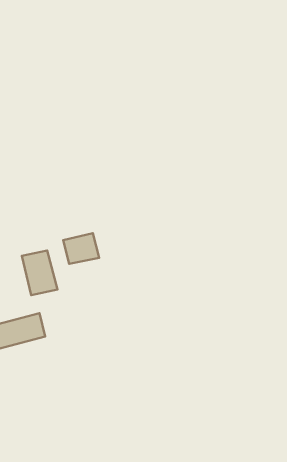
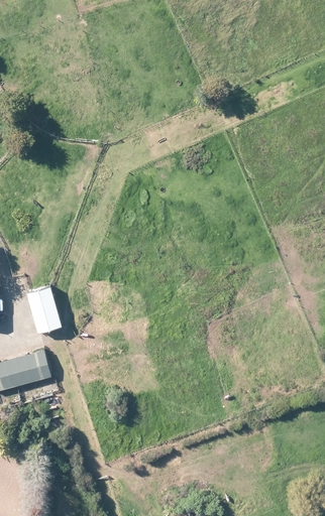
building: [63,233,99,264] -> none

